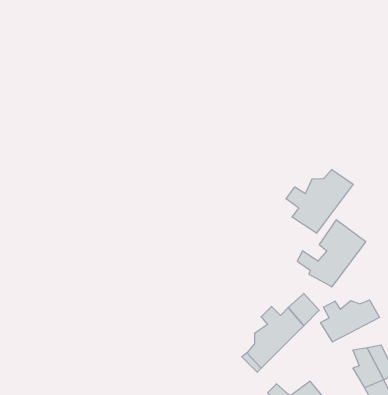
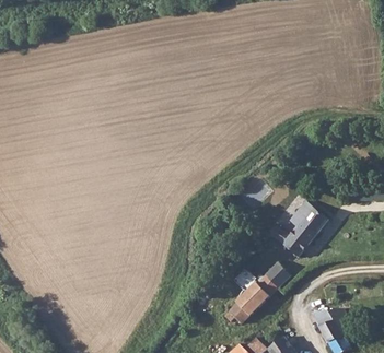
building: [286,169,353,233] -> none
building: [321,300,380,342] -> none

